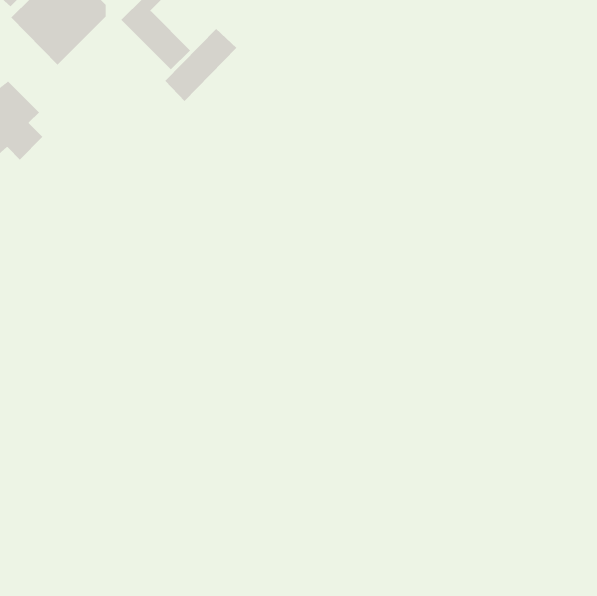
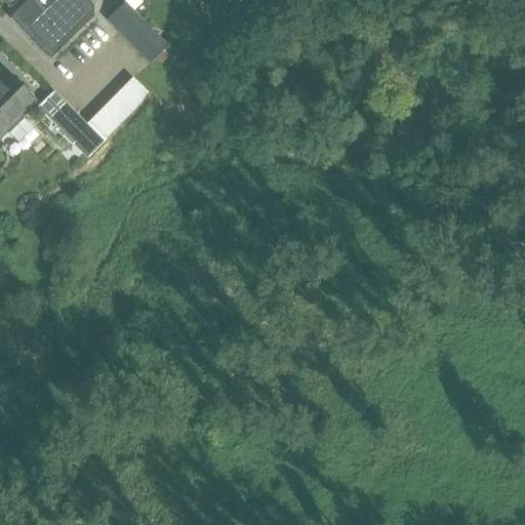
building: [165,28,237,102] -> [89,72,153,136]
building: none -> [37,89,103,155]

